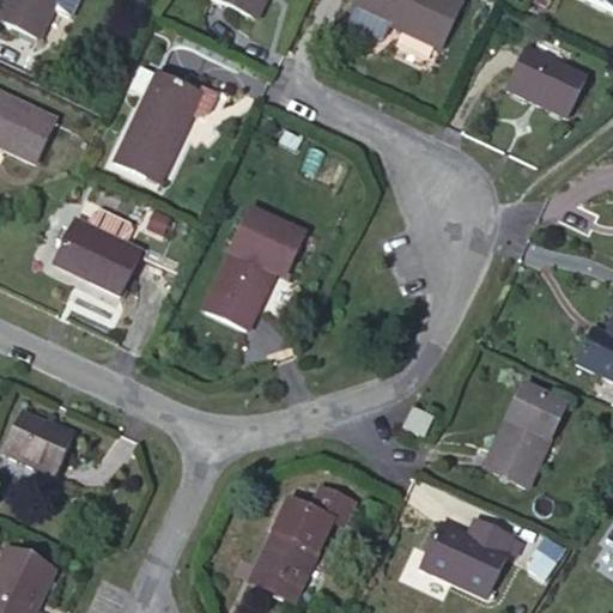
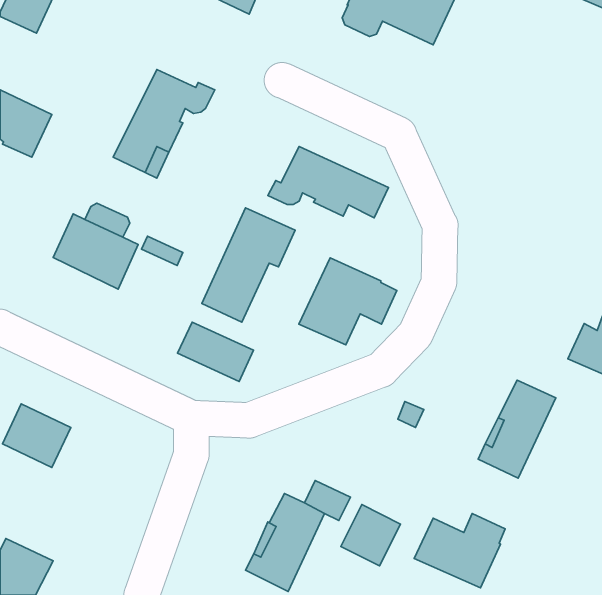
building: [508,48,587,116] -> none
building: none -> [268,146,389,218]
building: none -> [299,258,397,345]
building: none -> [178,322,254,381]
building: none -> [341,505,400,566]

